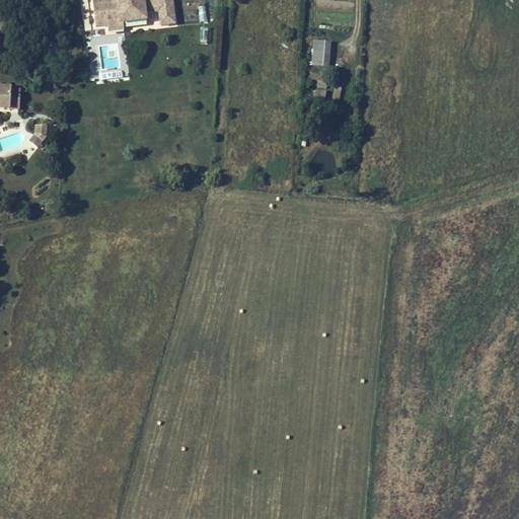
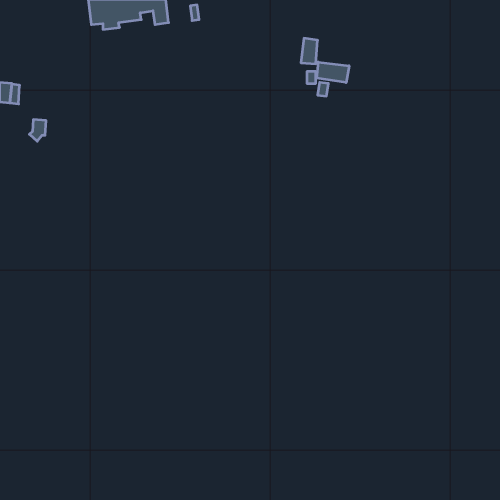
building: none -> [317,62,349,83]

